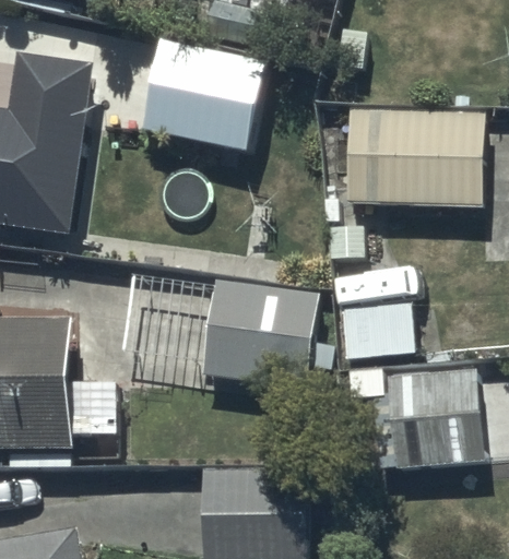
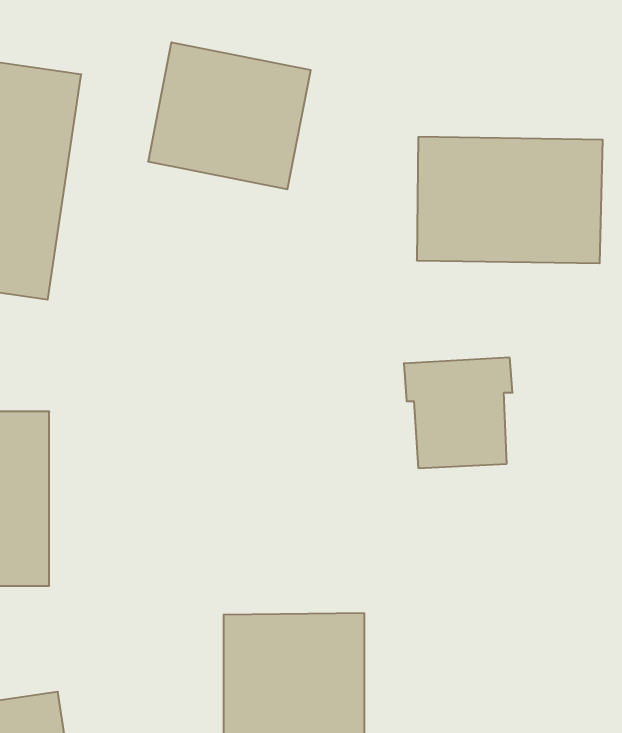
building: [118,275,330,390] -> none
building: [345,368,483,474] -> none

